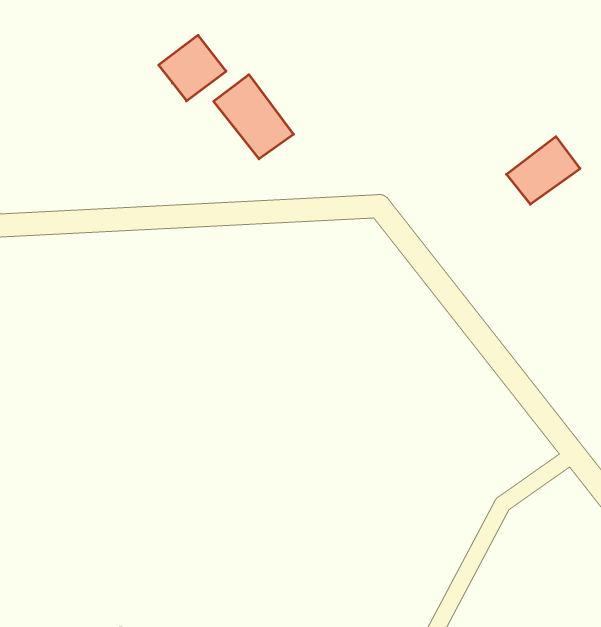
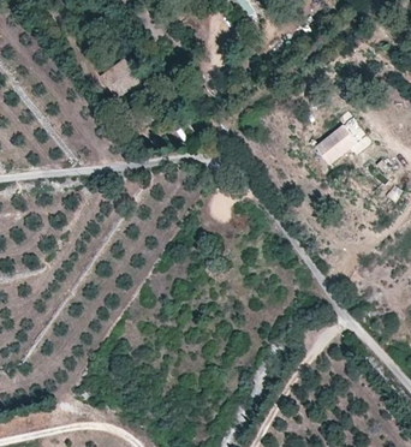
building: [214,75,294,159] -> none

